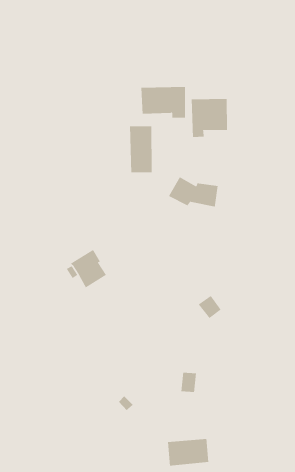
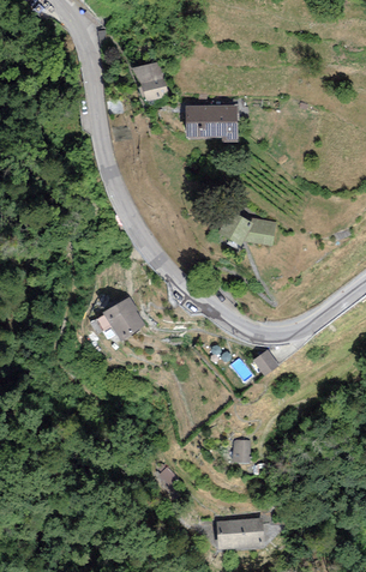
building: none -> [132,60,169,101]
building: [191,98,227,138] -> none
building: [129,125,152,173] -> none

